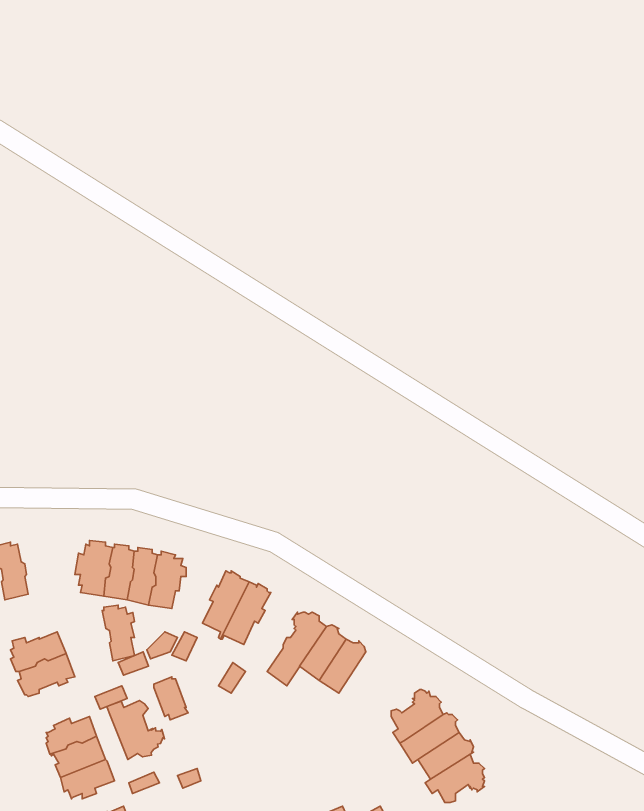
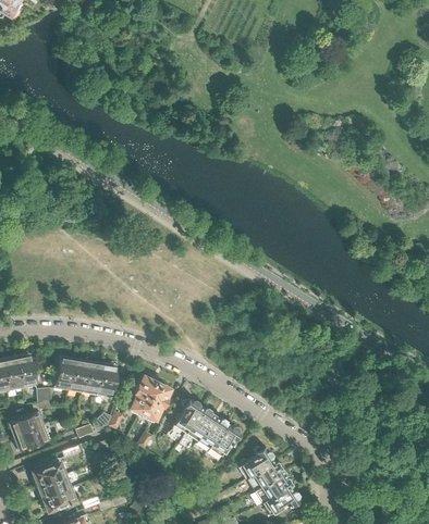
building: [102,605,134,661] -> [15,354,35,388]
building: none -> [210,423,241,456]
building: [107,700,164,759] -> none

